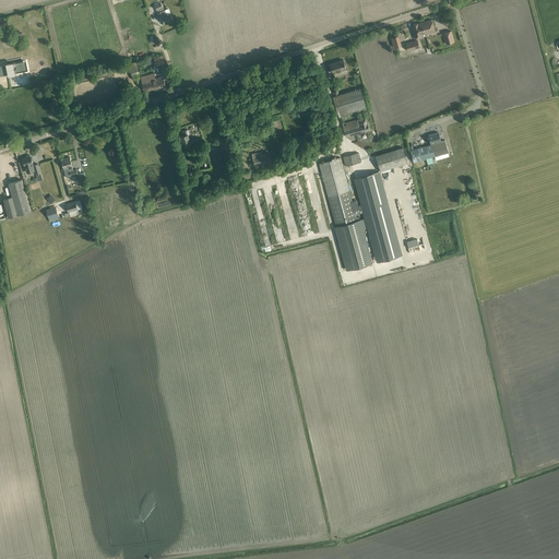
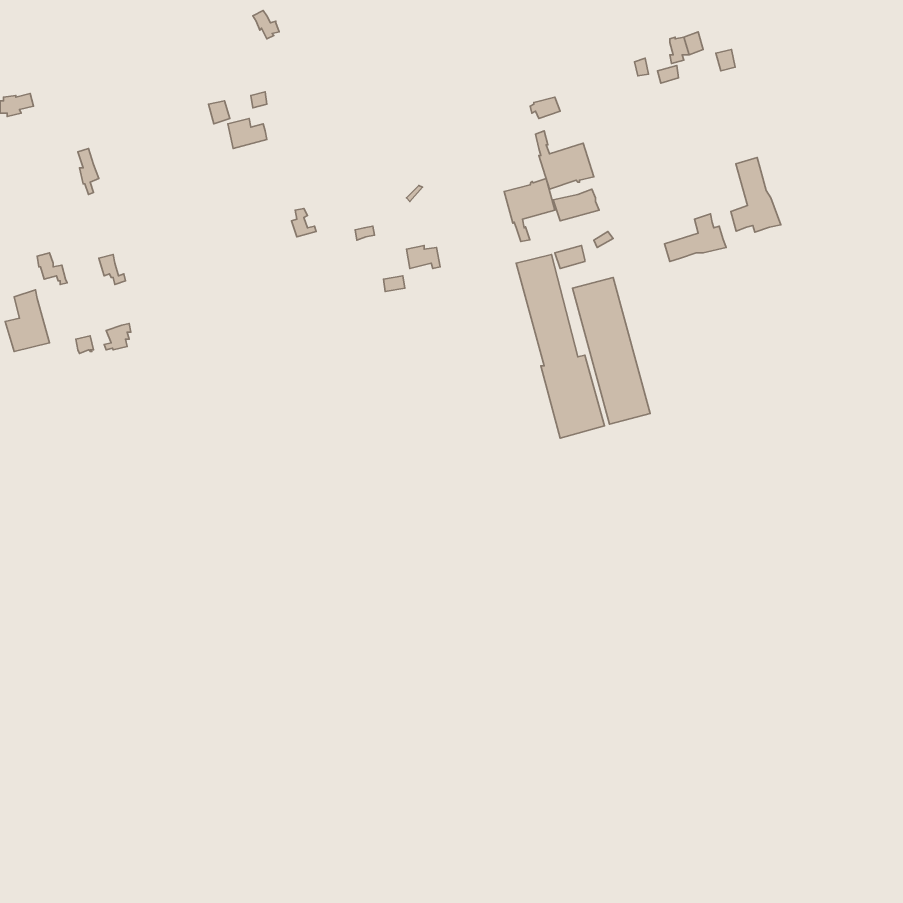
building: none -> [731,157,781,232]
building: none -> [504,179,555,241]
building: [376,147,407,171] -> none

